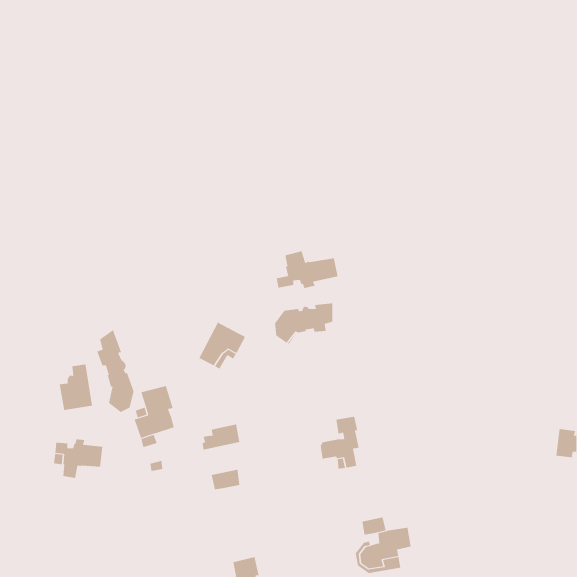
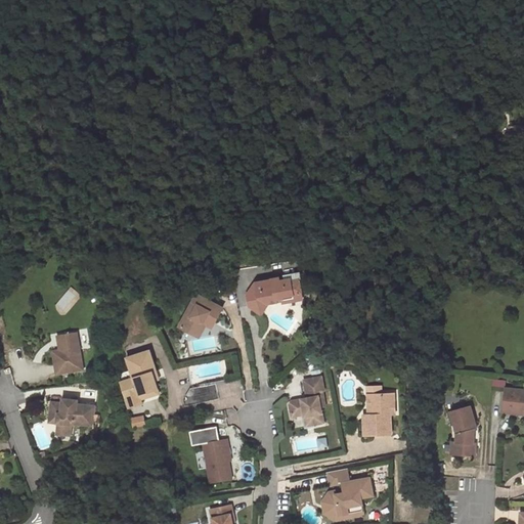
building: [276,251,338,289] -> none
building: [97,329,134,413] -> none
building: none -> [362,394,394,435]
building: none -> [448,406,475,455]
building: none -> [202,439,230,482]

